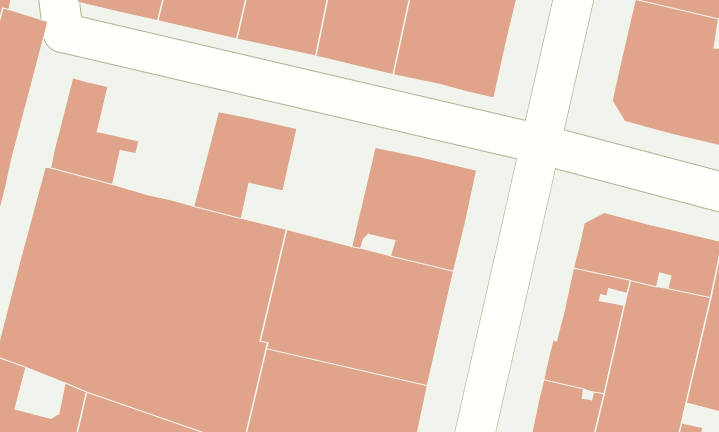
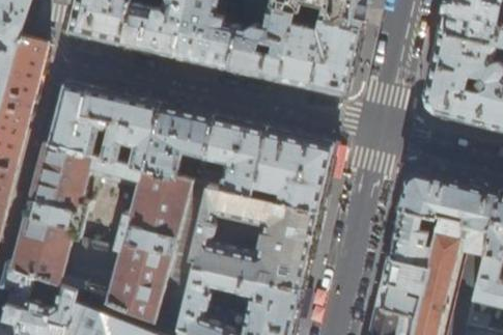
building: none -> [81,90,162,170]
building: none -> [199,118,267,197]

